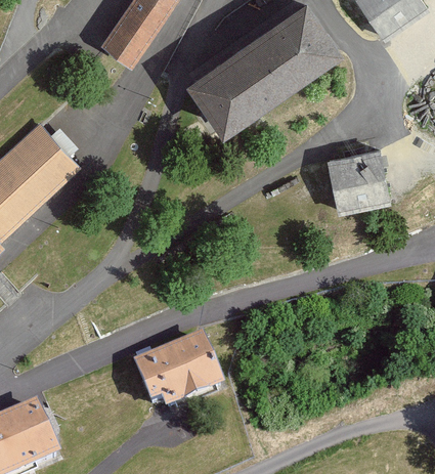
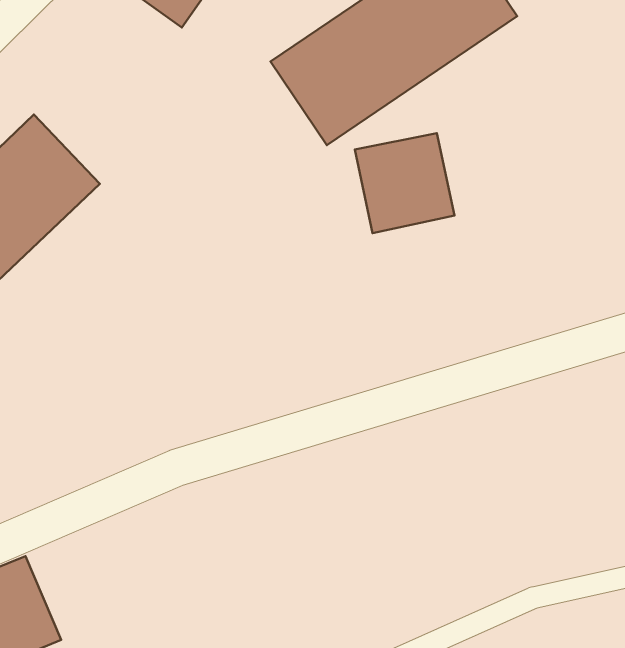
building: [327,152,390,215] -> [355,133,455,233]
building: [134,329,223,406] -> none

